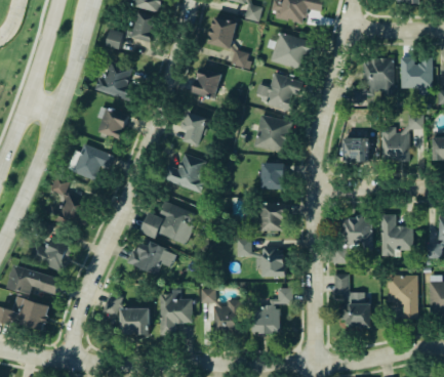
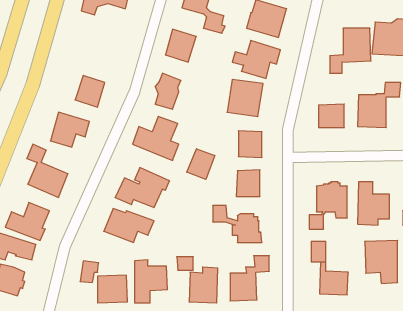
building: [95,61,136,100] -> none
building: none -> [187,149,215,179]

